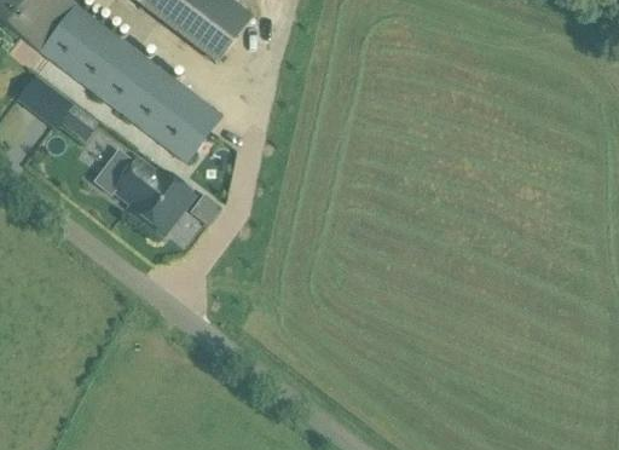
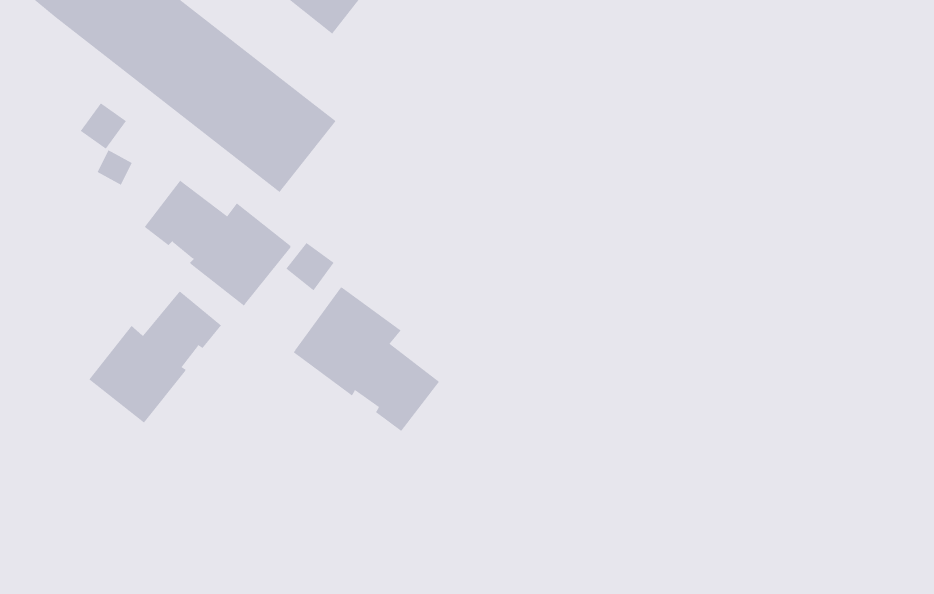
building: none -> [293,287,440,432]
building: none -> [89,290,222,423]

